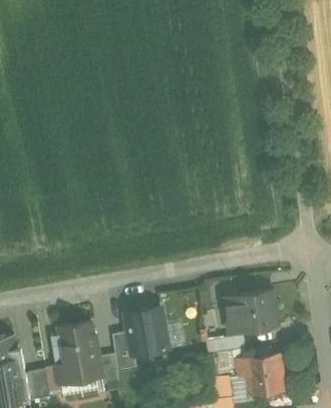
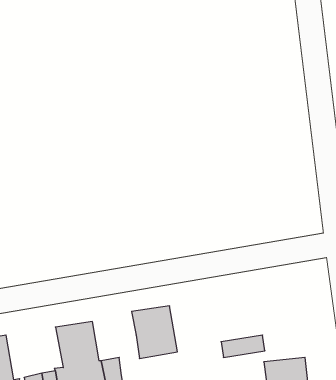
building: [225,291,277,333] -> none
building: [111,334,134,370] -> none

